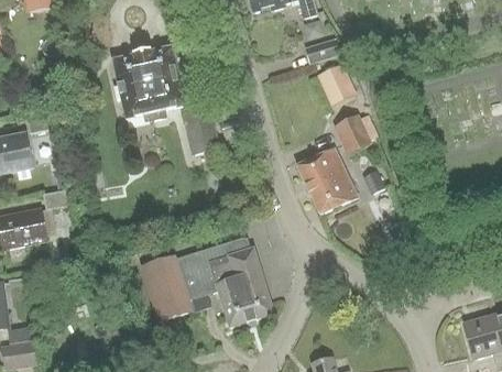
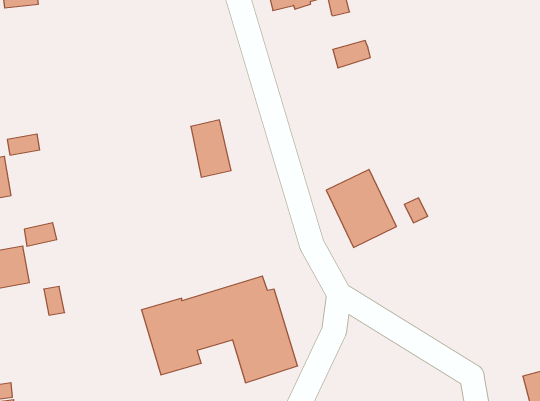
building: [112,45,184,118] -> none
building: [316,62,354,103] -> none
building: [332,113,372,155] -> none

